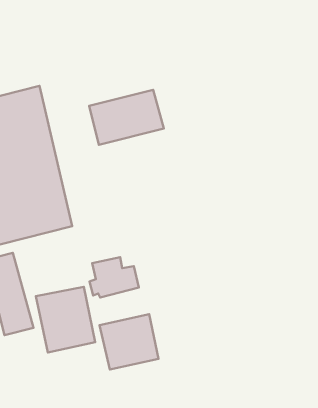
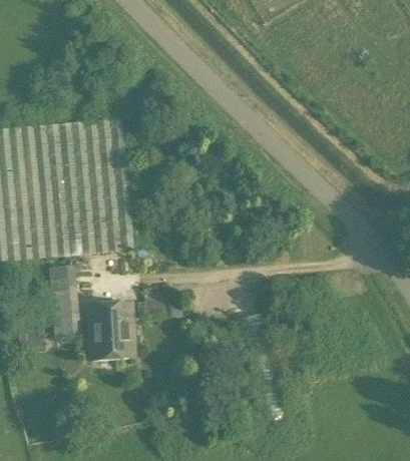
building: [89,90,164,145] -> none
building: [99,314,159,369] -> none

